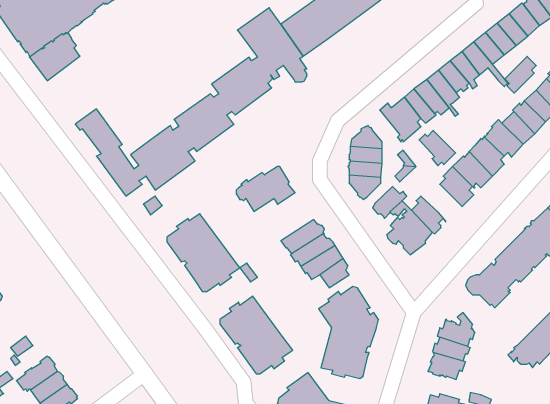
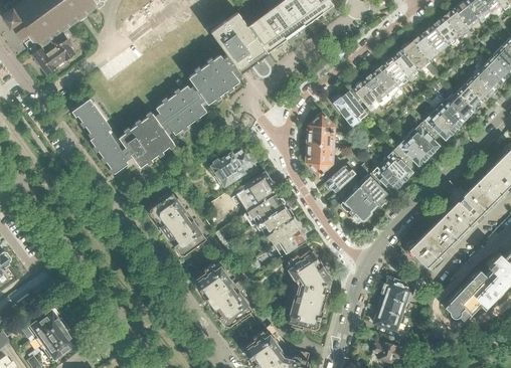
building: [505,56,536,93] -> none
building: [419,130,456,166] -> [371,163,402,193]
building: none -> [235,172,279,211]

